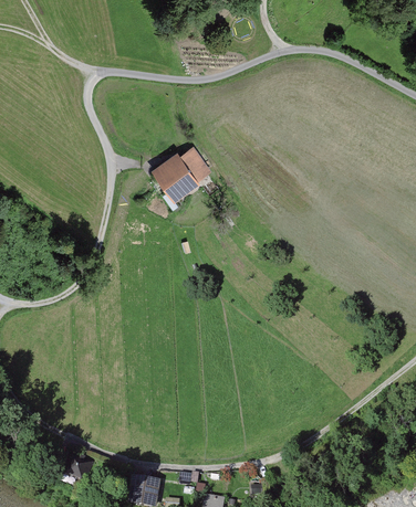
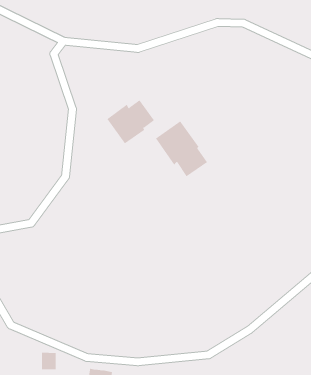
building: none -> [155,120,208,177]

